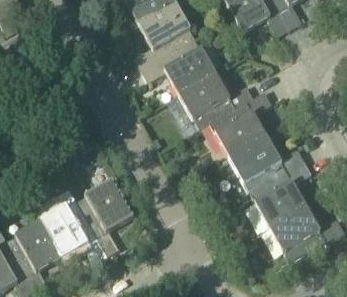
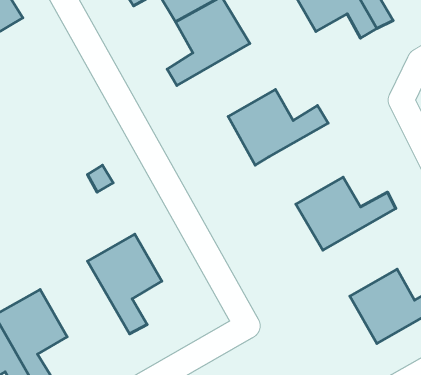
building: [142,39,215,93] -> none
building: [210,91,272,158] -> none
building: [250,161,311,226] -> none
building: [41,200,107,261] -> none

